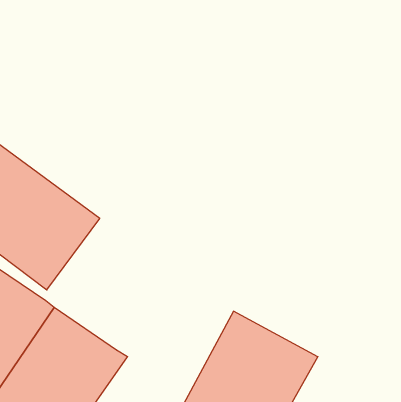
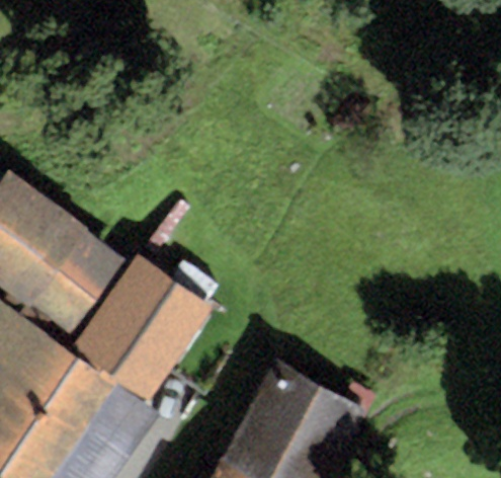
building: none -> [67,253,243,403]

